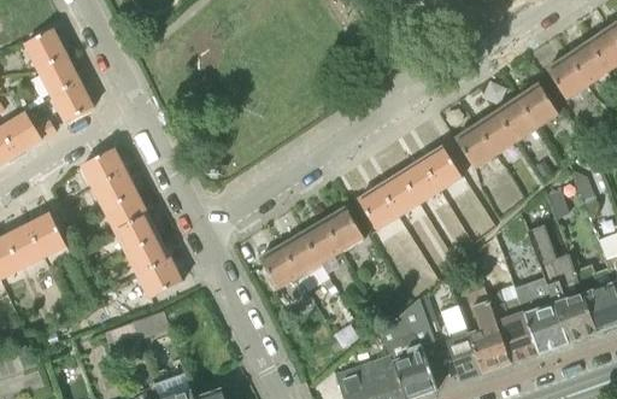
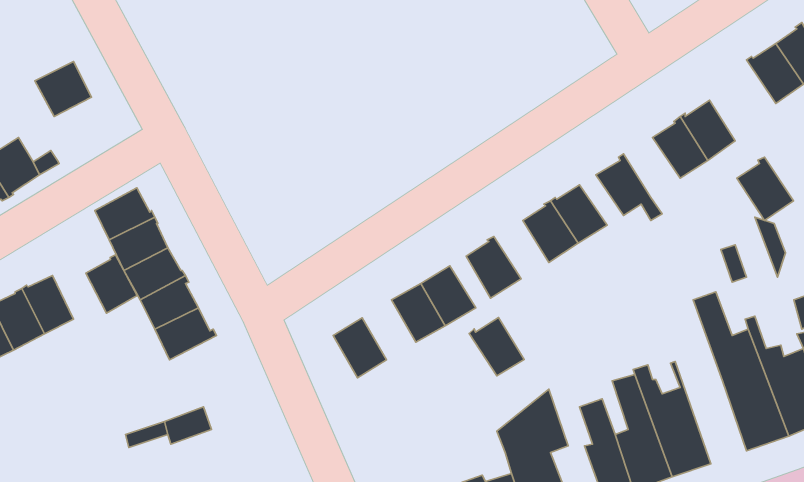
building: [24,29,66,69] -> none
building: [546,53,588,100] -> [737,157,794,220]
building: [52,81,93,122] -> none
building: [475,111,517,156] -> none
building: [378,172,419,216] -> [469,317,524,376]
building: none -> [86,255,137,313]
building: [281,231,321,276] -> none
building: [137,258,182,298] -> none
building: [513,275,566,353] -> none

